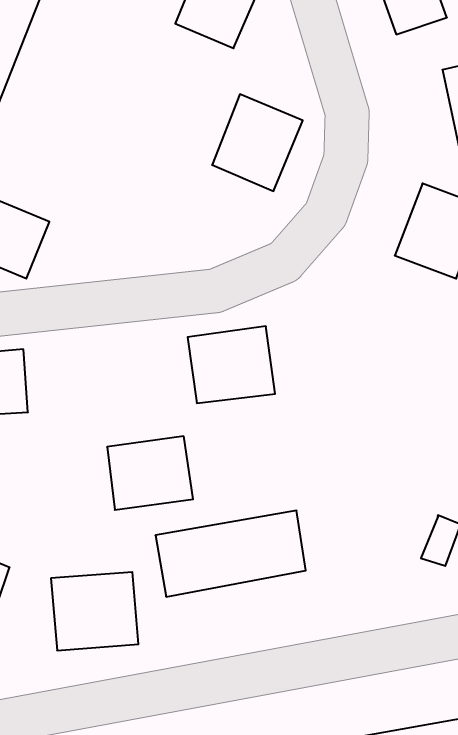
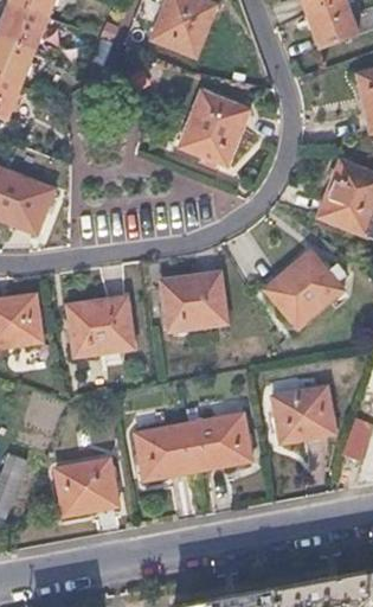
building: none -> [268,255,347,332]
building: [107,436,193,510] -> [67,300,134,357]
building: none -> [271,384,335,443]

